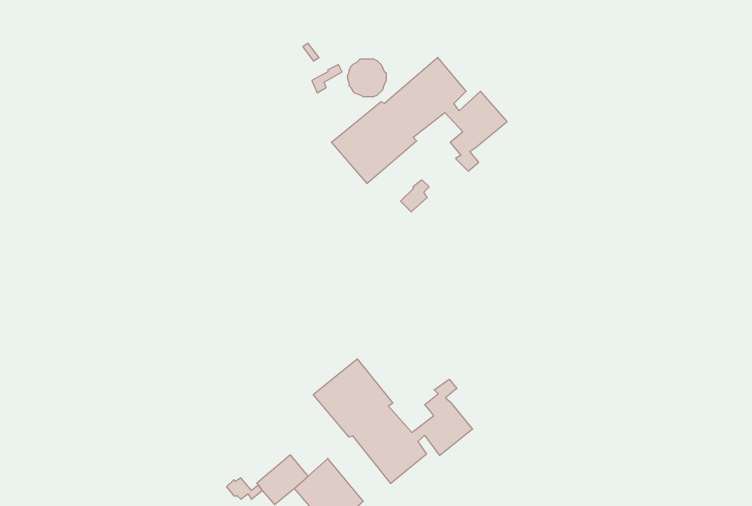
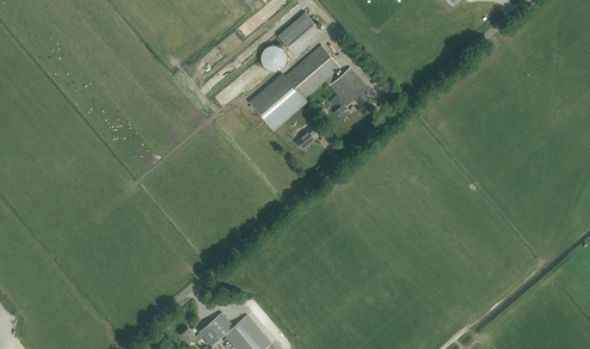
building: none -> [278,11,318,50]
building: [313,359,473,484] -> none

